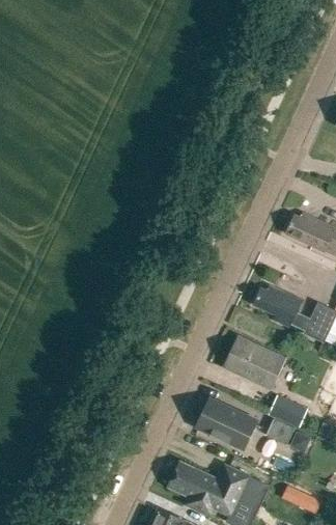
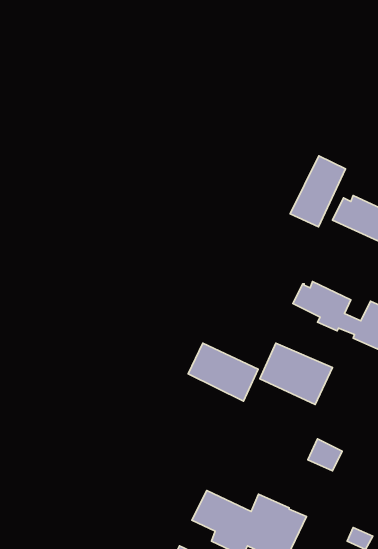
building: none -> [290,156,346,227]
building: [269,392,309,427] -> none
building: [197,399,256,448] -> [188,343,258,401]

